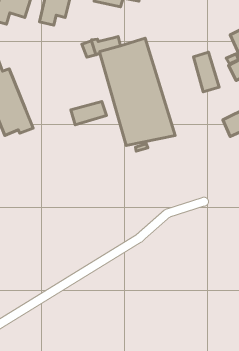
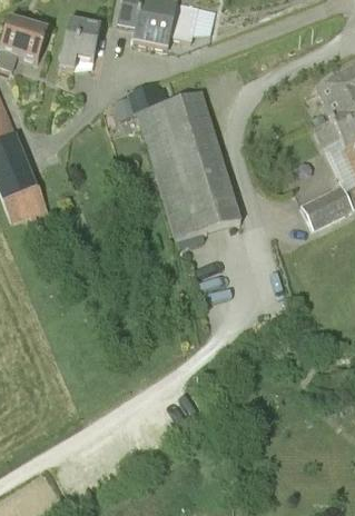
building: [193,52,219,92] -> none
building: [71,101,106,125] -> none

